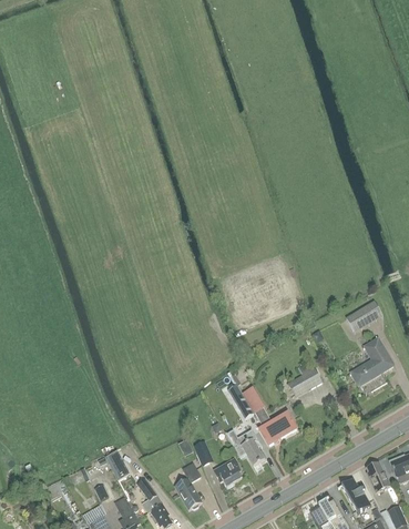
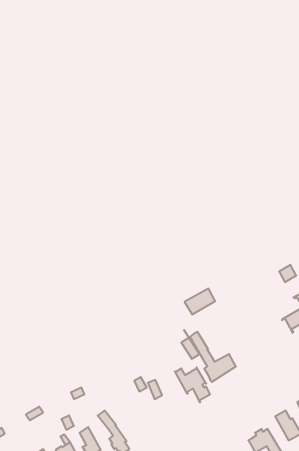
building: [287,366,323,396] -> [185,289,215,314]
building: [213,457,242,487] -> none
building: [175,461,202,508] -> none

